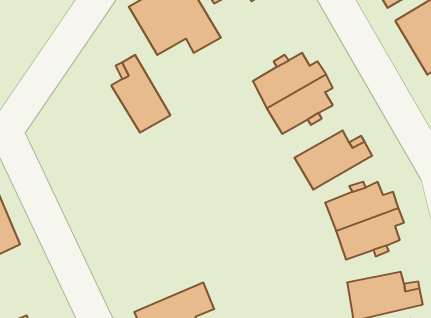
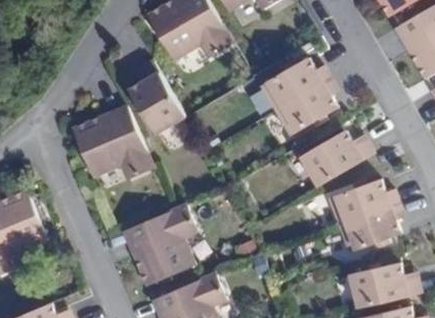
building: none -> [74,110,151,175]
building: none -> [124,205,198,284]

